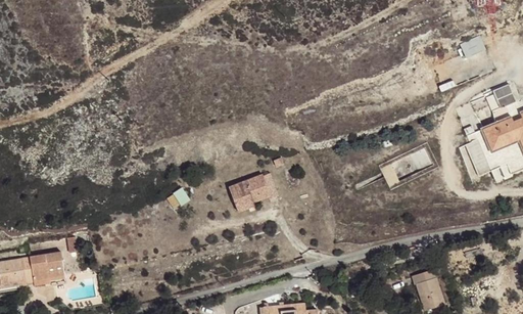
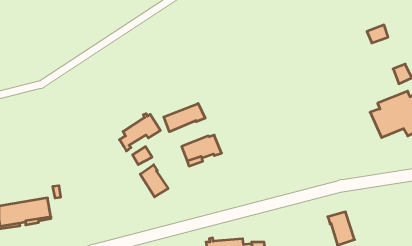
building: none -> [164,103,205,132]
building: none -> [119,114,160,151]
building: none -> [140,165,168,197]

